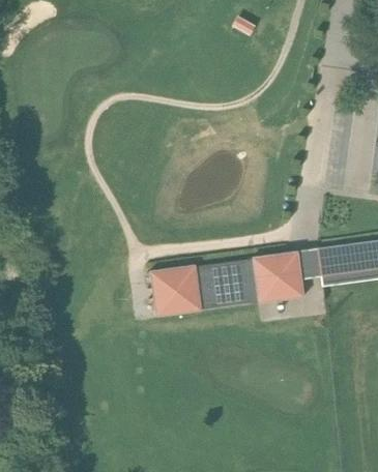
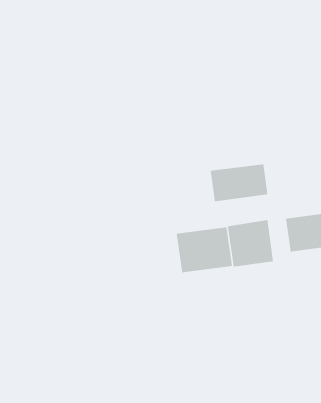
building: none -> [210,164,268,202]
building: [151,264,203,316] -> none

